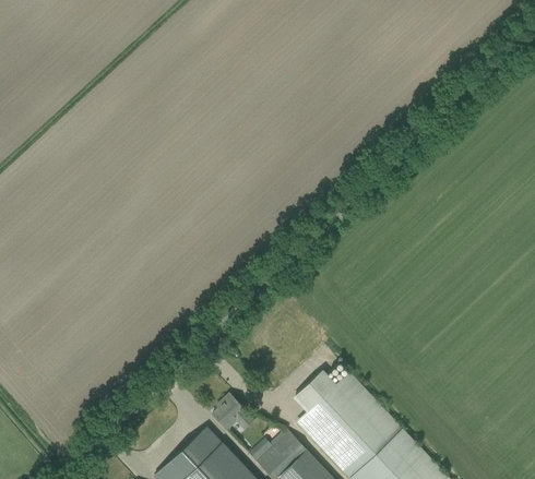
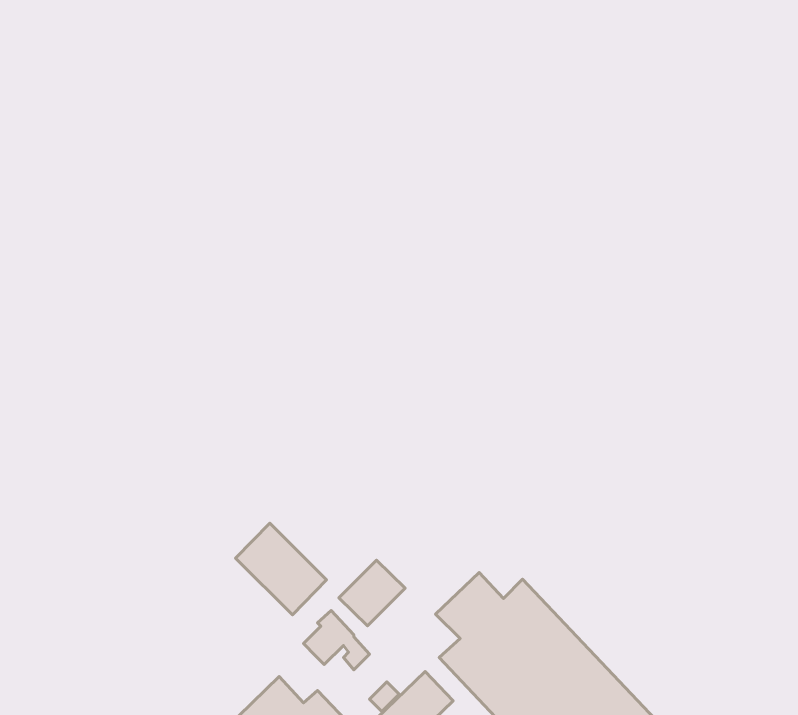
building: none -> [235,523,327,615]
building: none -> [339,560,405,626]

